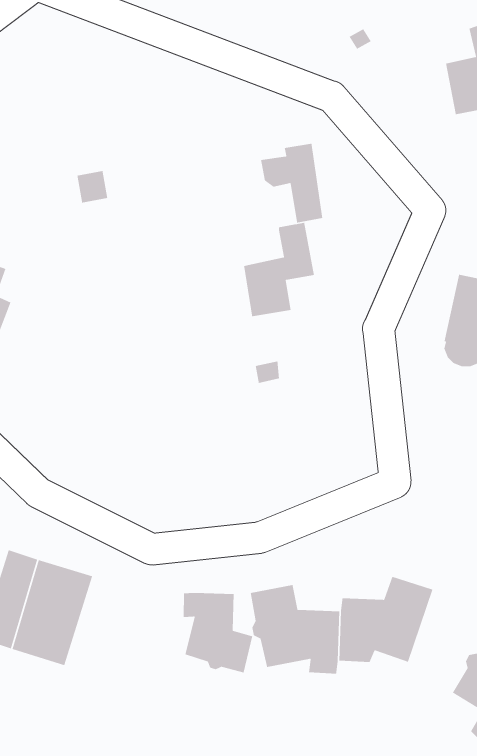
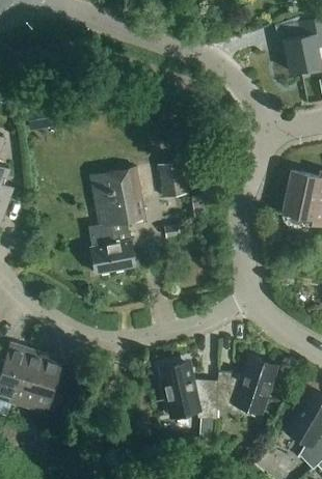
building: [260,143,323,223] -> none
building: none -> [89,168,144,274]
building: [183,592,253,673] -> none

